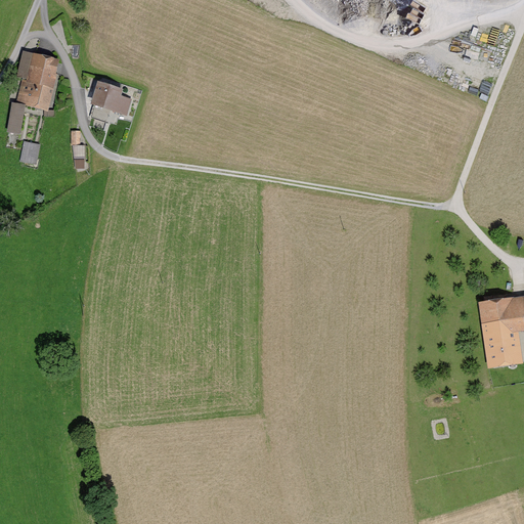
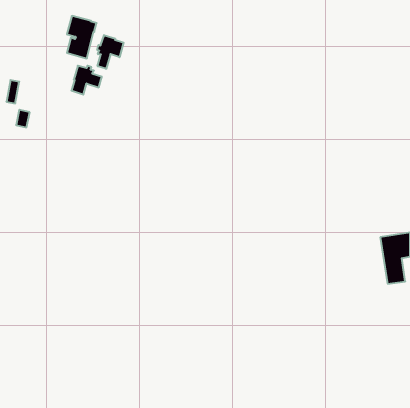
building: none -> [97,35,124,69]
building: [18,51,56,105] -> [67,16,97,58]

